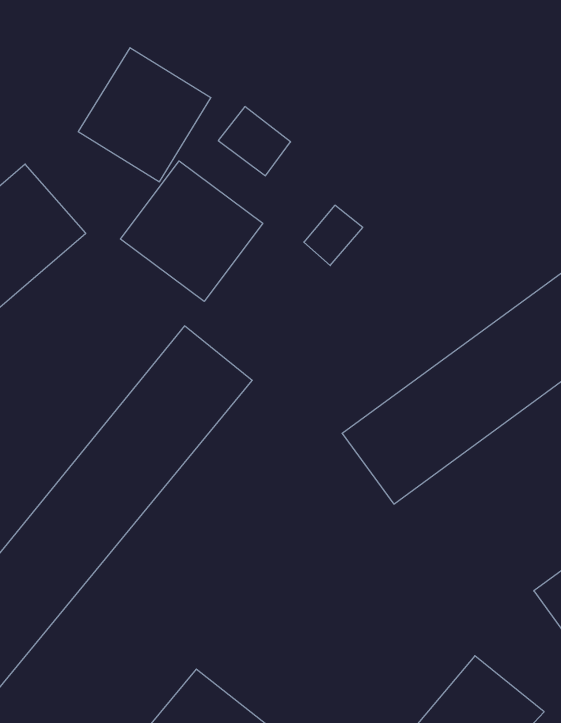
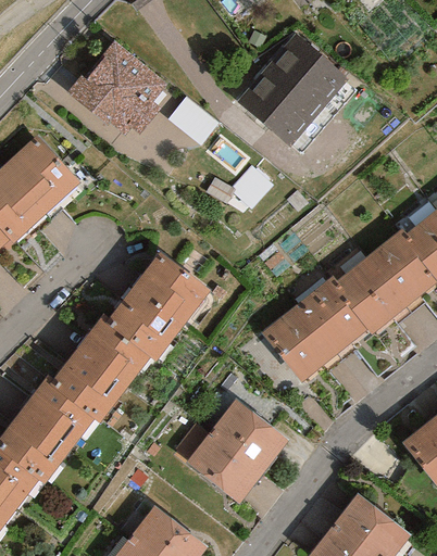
building: none -> [246,47,345,149]
building: [120,161,263,301] -> none
building: none -> [177,399,286,509]

